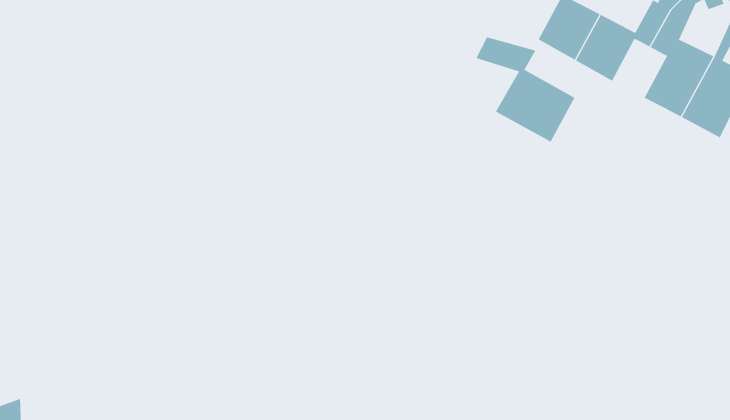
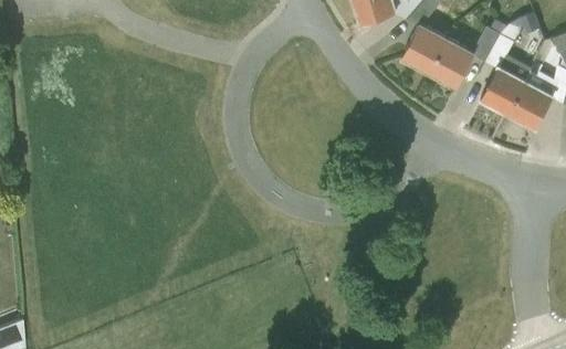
building: [476,36,575,143] -> none

